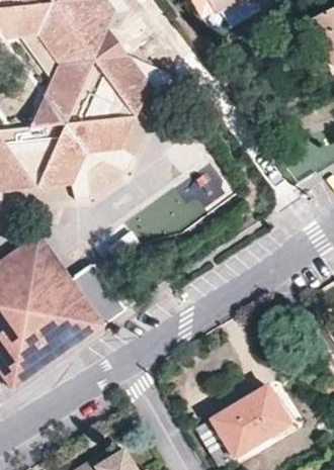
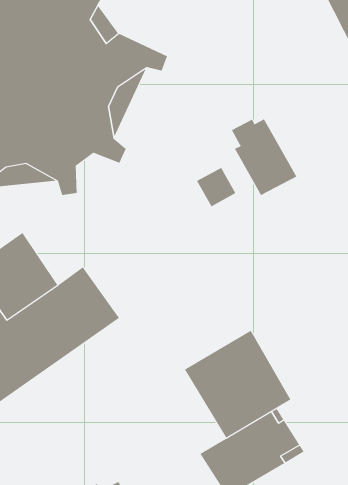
building: none -> [231,118,297,196]
building: none -> [184,330,291,438]

